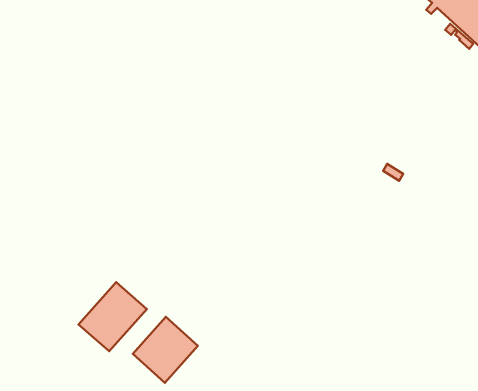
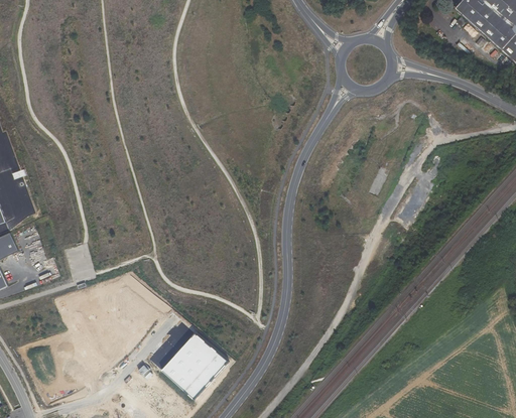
building: [79,282,147,351] -> none

